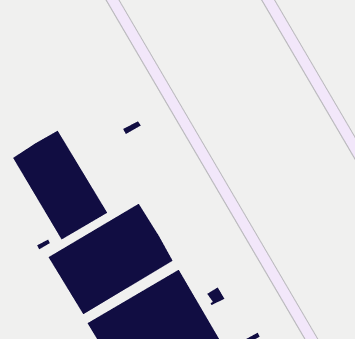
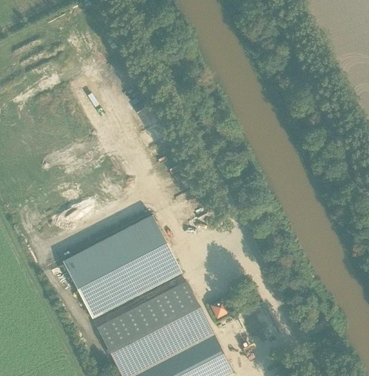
building: [12,130,108,240] -> none

